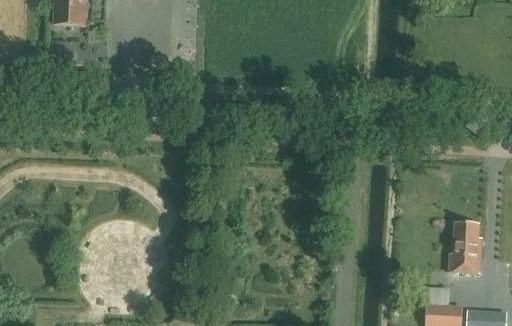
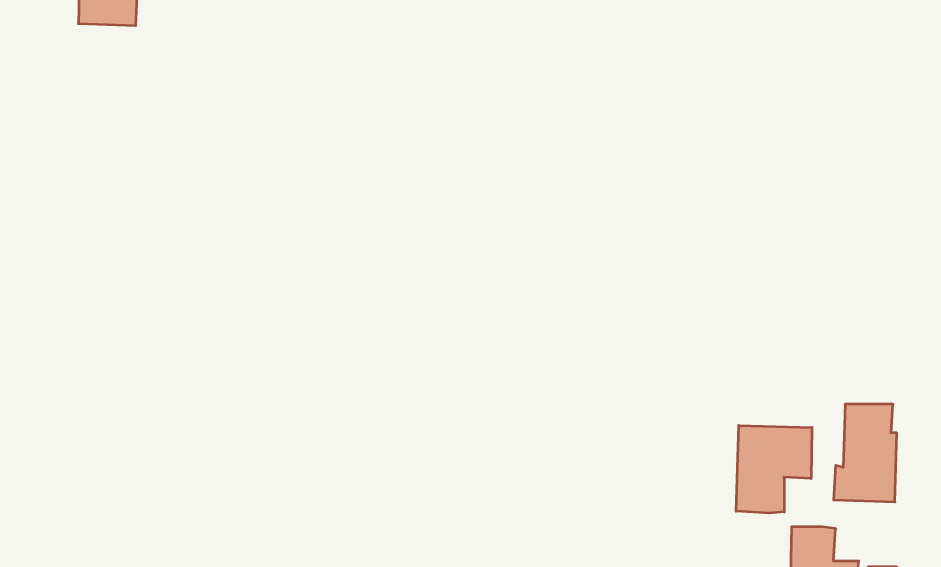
building: none -> [736,425,812,513]

